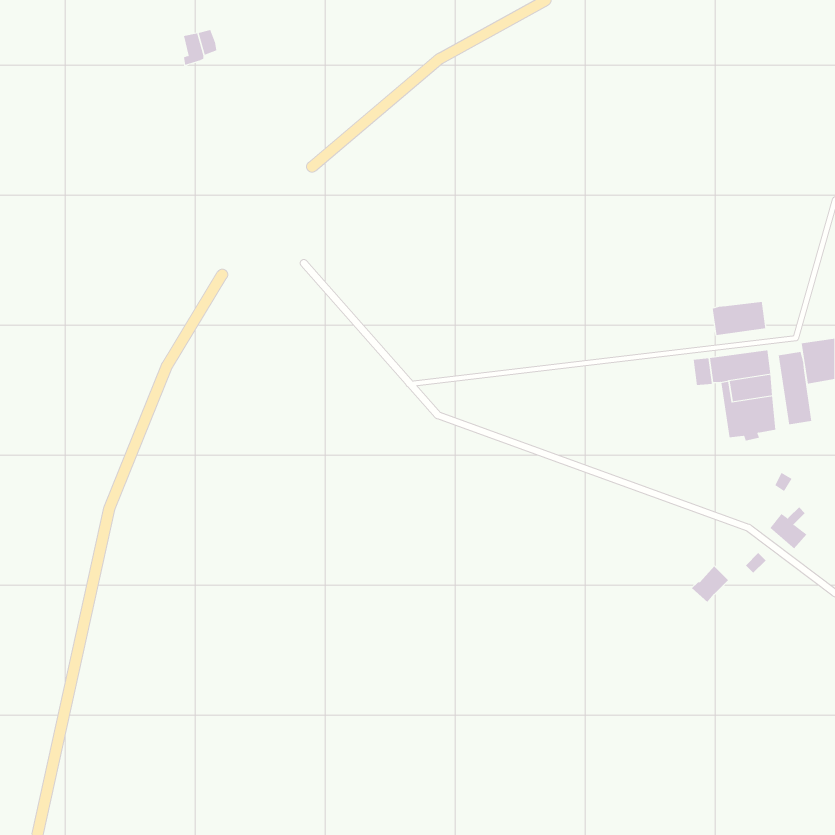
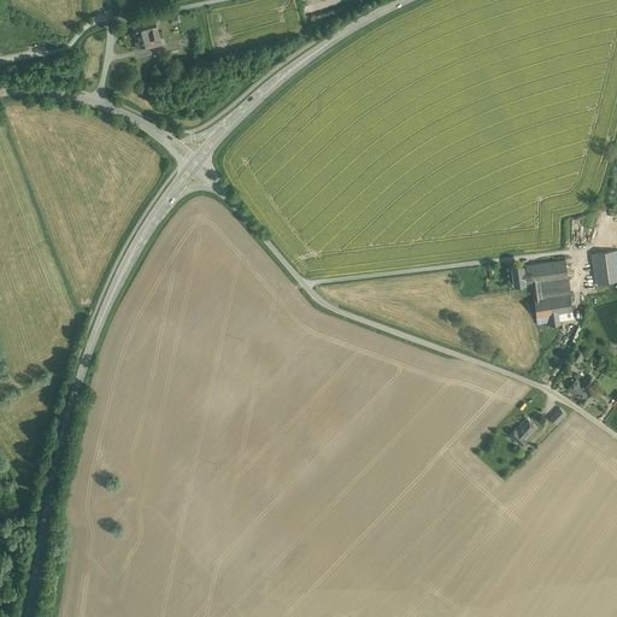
building: [712,301,766,336] -> none
building: [778,351,812,425] -> none

